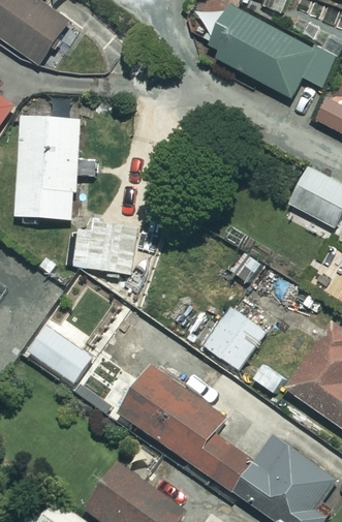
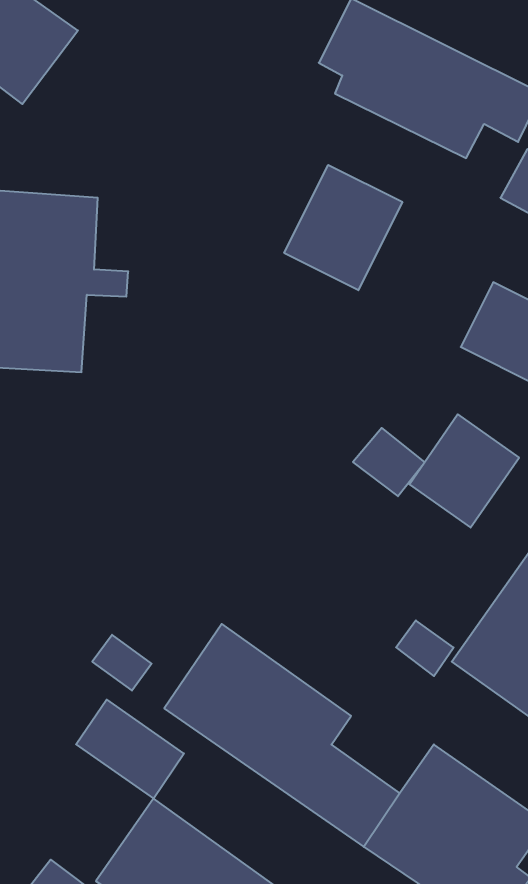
building: none -> [284,165,402,290]
building: [73,219,137,274] -> none
building: [203,306,266,371] -> [409,414,519,528]
building: [28,326,90,382] -> [76,700,184,798]

